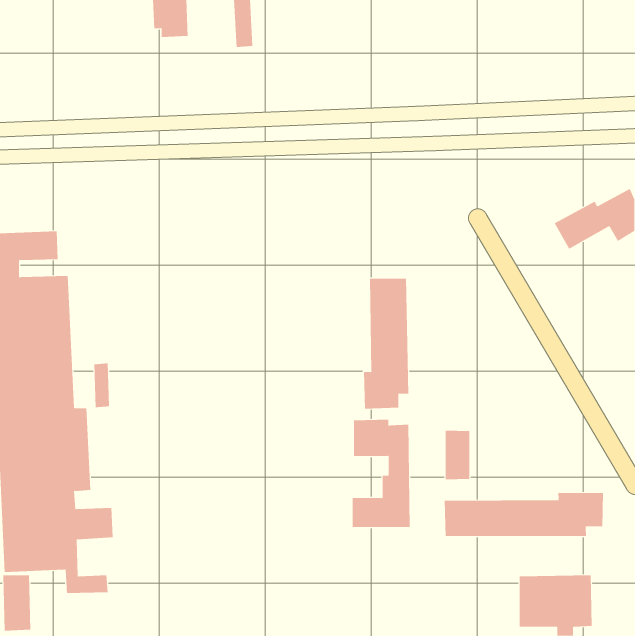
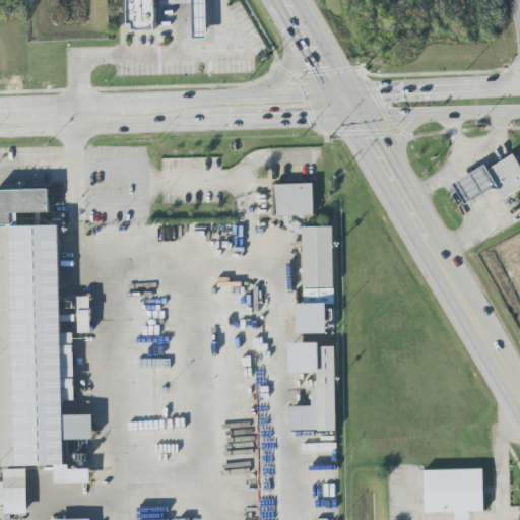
building: none -> [273,183,312,215]
building: [445,430,470,480] -> none
building: [444,492,603,537] -> none

